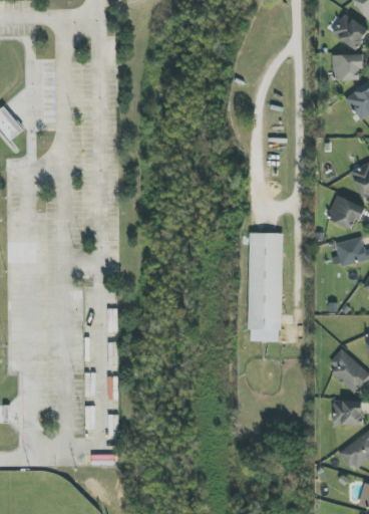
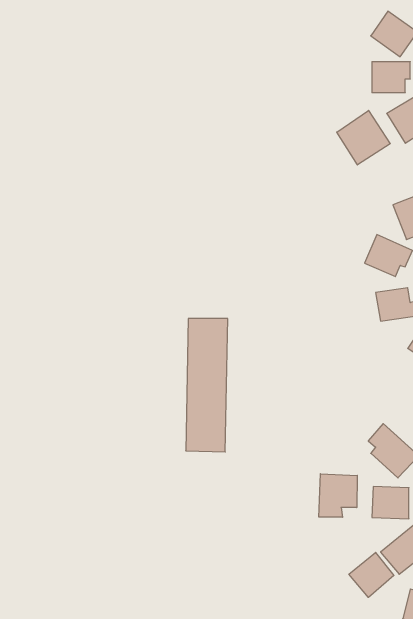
building: none -> [337,110,390,165]
building: [247,233,281,341] -> [186,319,228,452]
building: none -> [319,474,357,517]
building: none -> [349,552,394,597]

